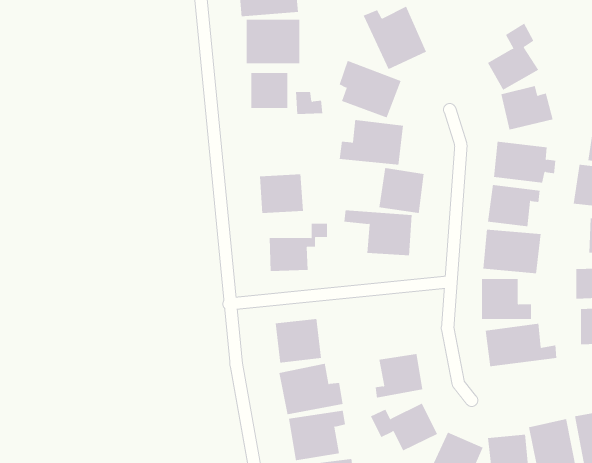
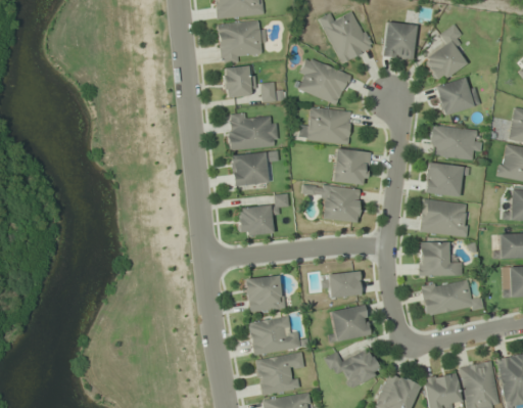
building: none -> [383,21,417,59]
building: none -> [228,115,278,149]
building: none -> [324,271,363,298]

